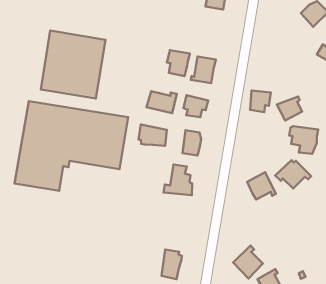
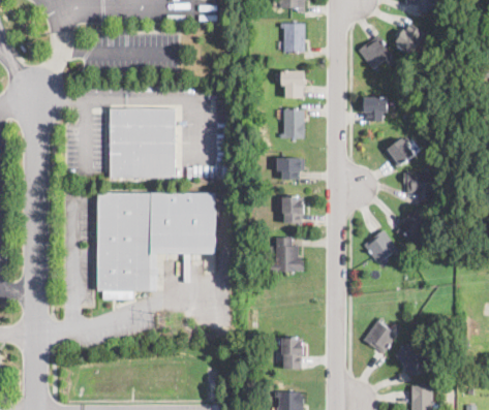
building: none -> [359,36,392,72]
building: [167,50,190,76] -> [280,71,305,98]
building: [250,90,271,112] -> [364,97,387,121]
building: [147,91,177,113] -> none
building: [138,124,167,146] -> none

